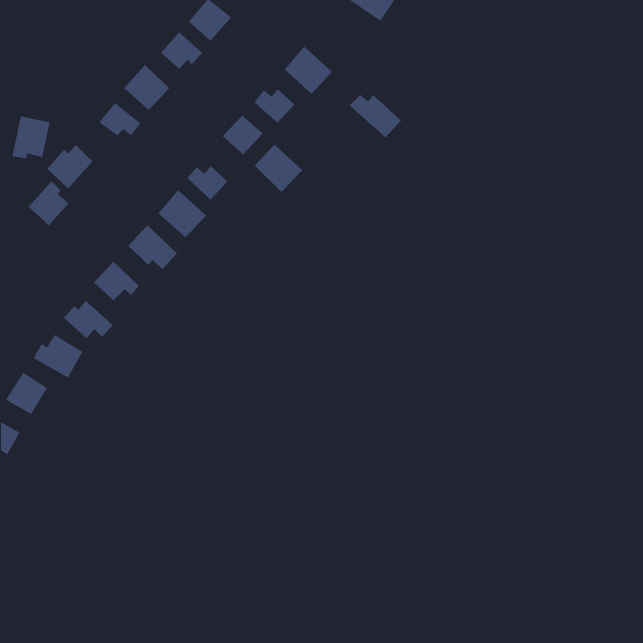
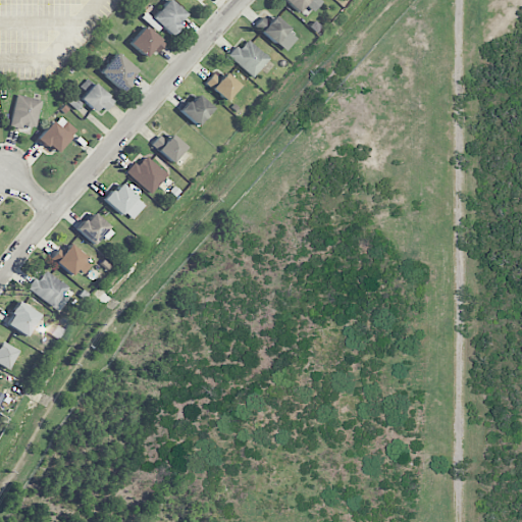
building: [349,94,402,138] -> [255,15,298,51]
building: [254,144,303,193] -> none
building: [28,181,69,226] -> none

